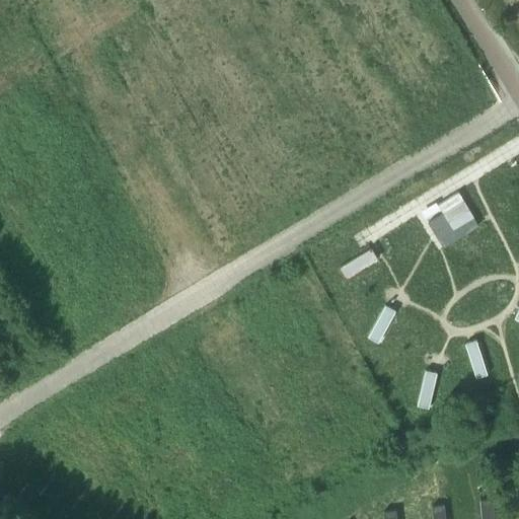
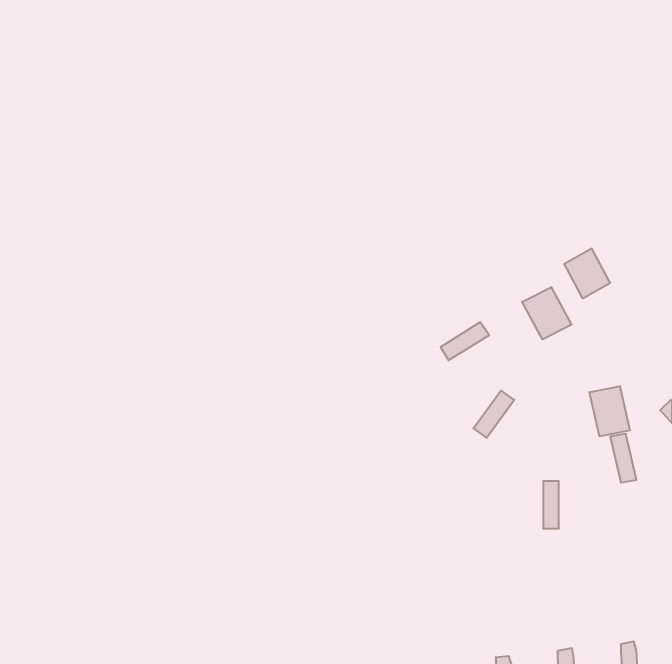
building: none -> [522,287,572,339]
building: none -> [589,386,630,436]

